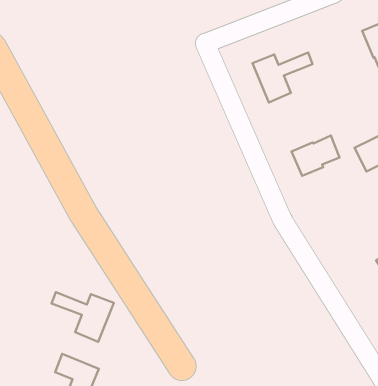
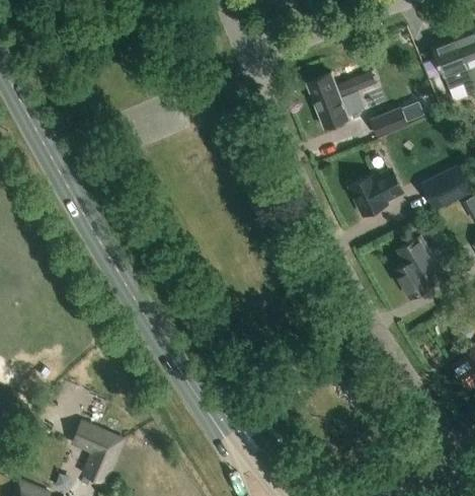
building: none -> [373,107,410,137]
building: none -> [394,236,439,298]
building: [52,292,114,342] -> none

